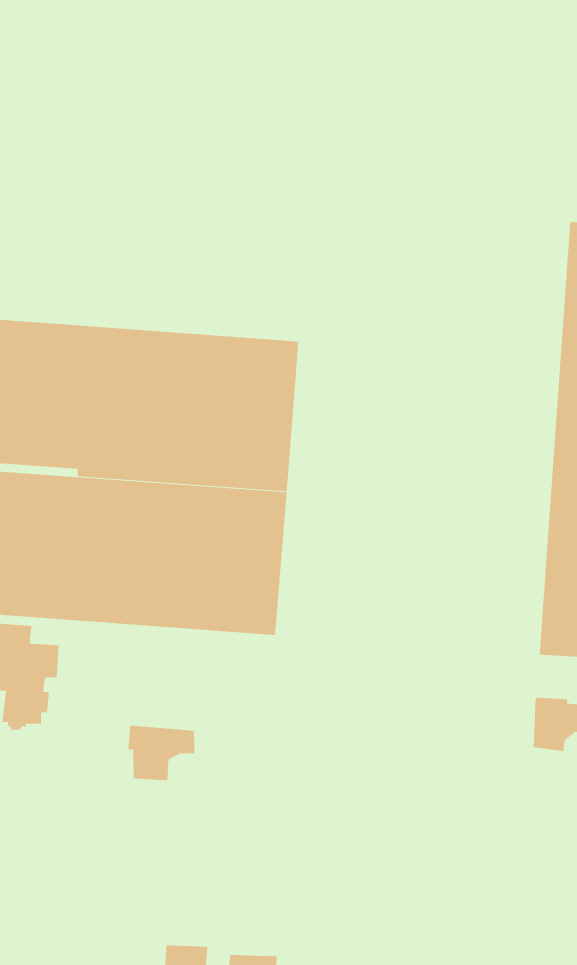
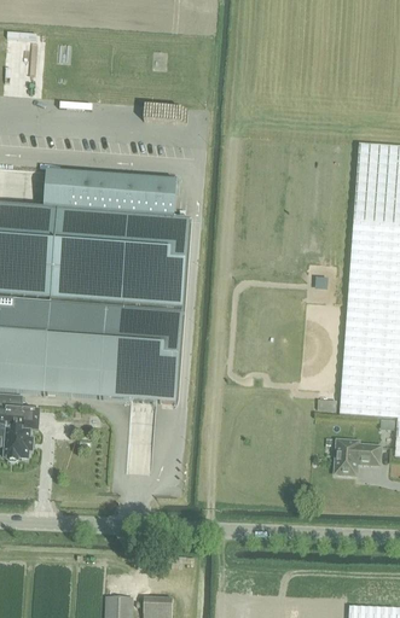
building: none -> [45,169,176,216]
building: [128,725,195,781] -> none

